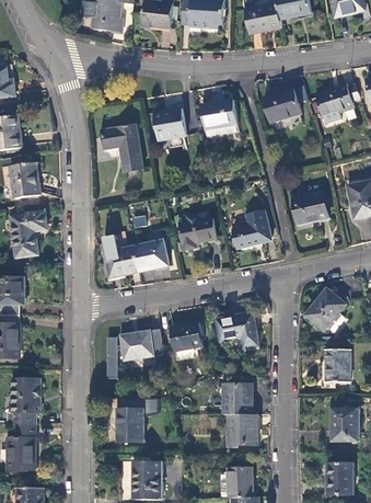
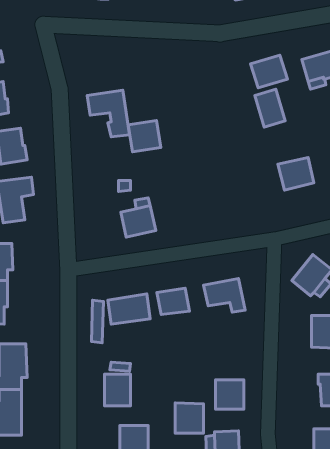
building: [201,101,237,129] -> none
building: [153,107,186,139] -> [128,120,161,152]
building: none -> [255,89,285,127]
building: [232,210,270,249] -> none
building: [179,216,216,250] -> none
building: [104,247,139,277] -> none
building: [223,385,252,415] -> [175,403,204,433]

